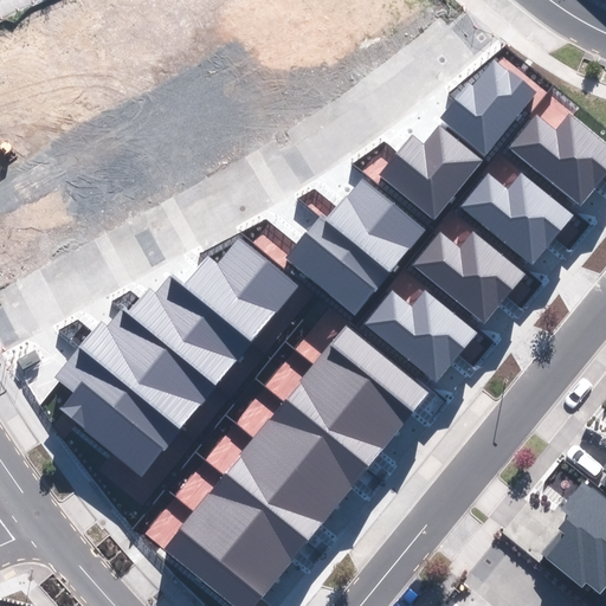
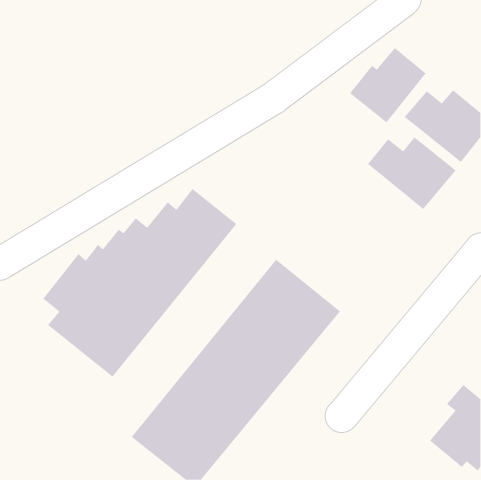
building: [379,124,483,219] -> none
building: [284,178,425,315] -> none
building: [413,230,526,322] -> none
building: [365,289,477,381] -> none

